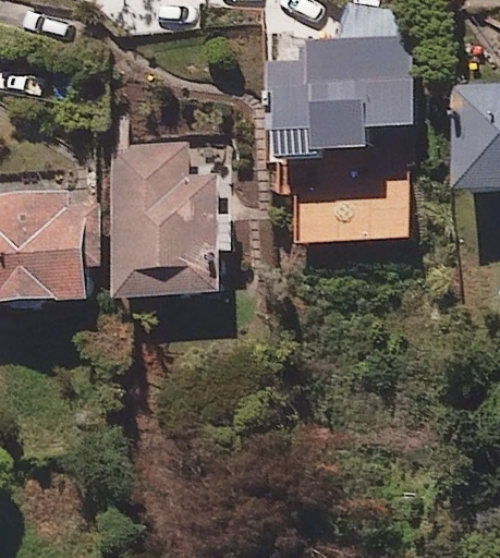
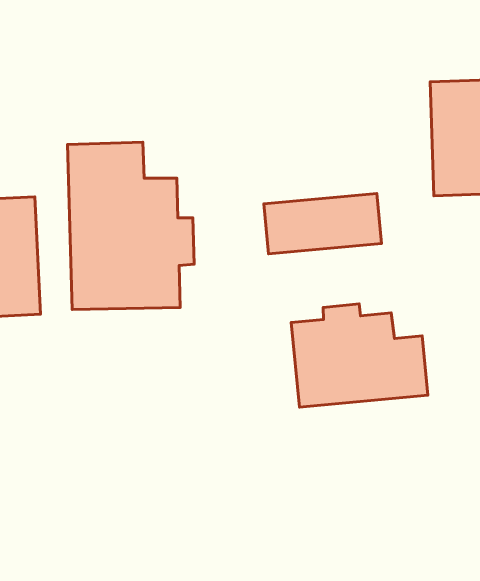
building: [265,17,415,156] -> none
building: none -> [291,304,428,407]

